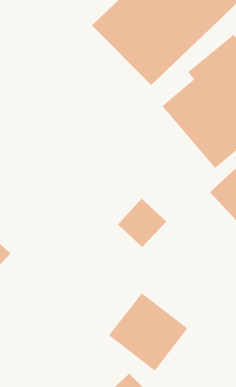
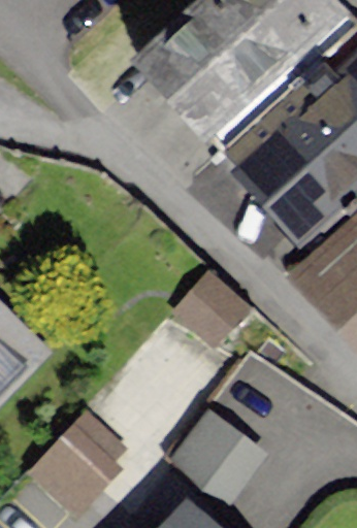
building: none -> [32,414,129,509]

